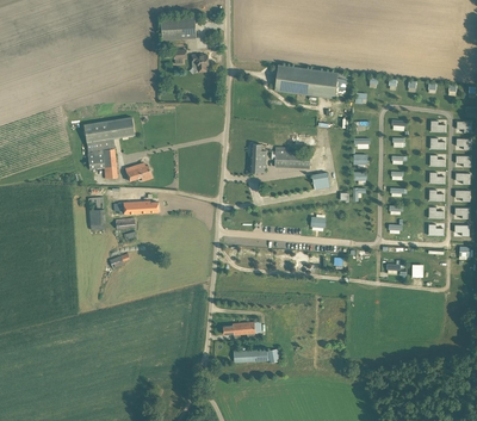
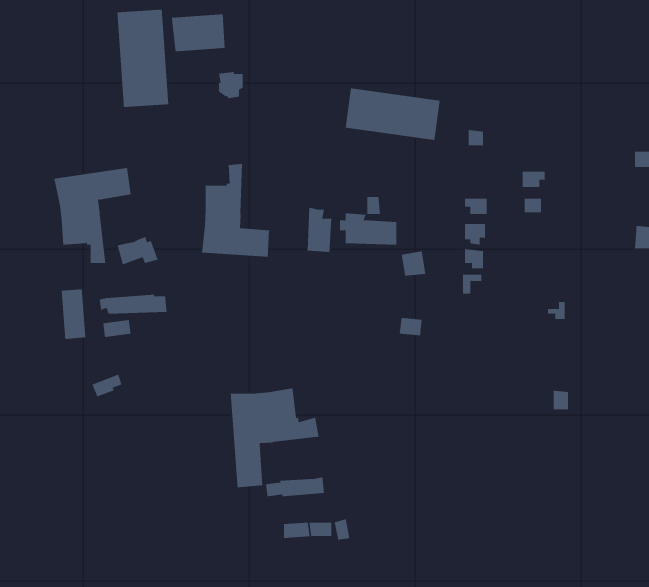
building: none -> [117,9,169,108]
building: none -> [202,163,270,258]
building: none -> [230,387,319,488]

